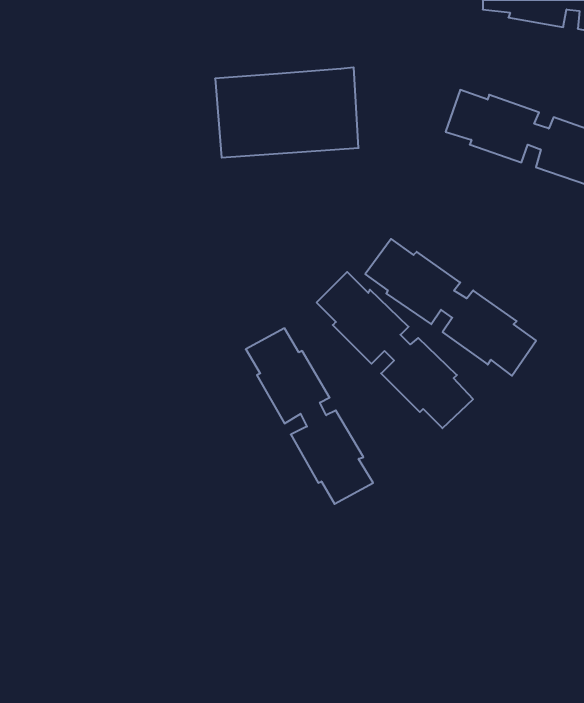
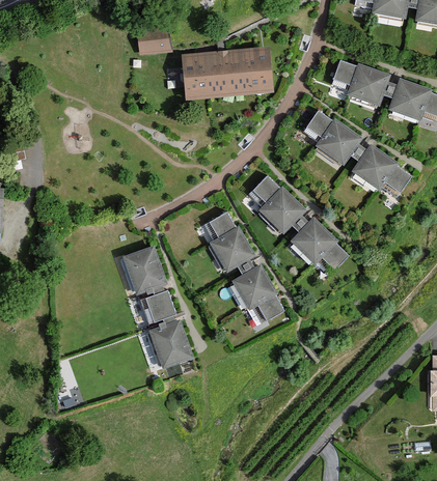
building: none -> [136,24,170,55]
building: [365,239,536,376] -> [301,111,411,199]
building: none -> [119,246,192,371]

